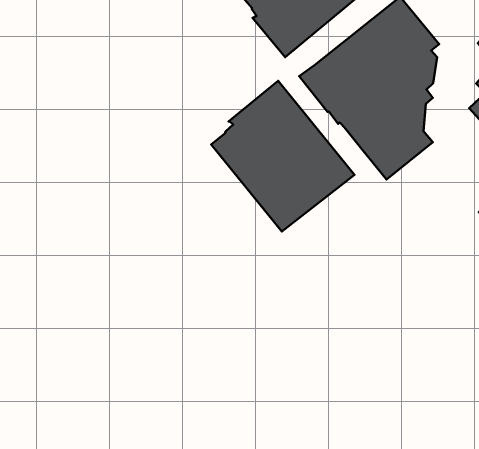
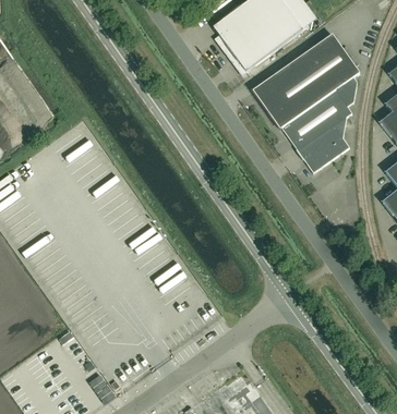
building: [211,81,354,232] -> none

